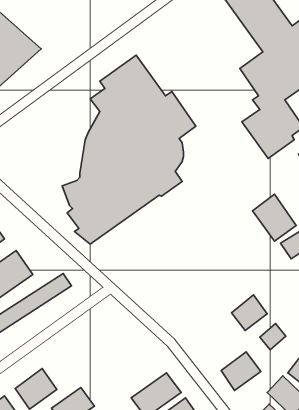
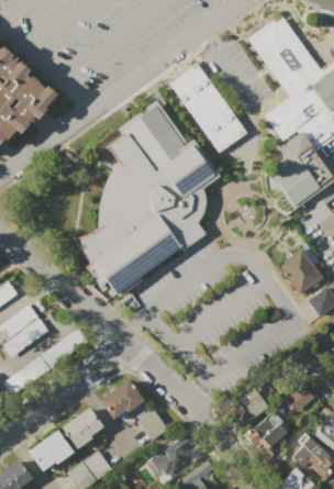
building: none -> [169,62,246,152]
building: [231,295,267,330] -> [230,386,267,423]
building: none -> [98,378,144,421]
building: none -> [60,405,105,448]
building: none -> [137,410,167,440]

